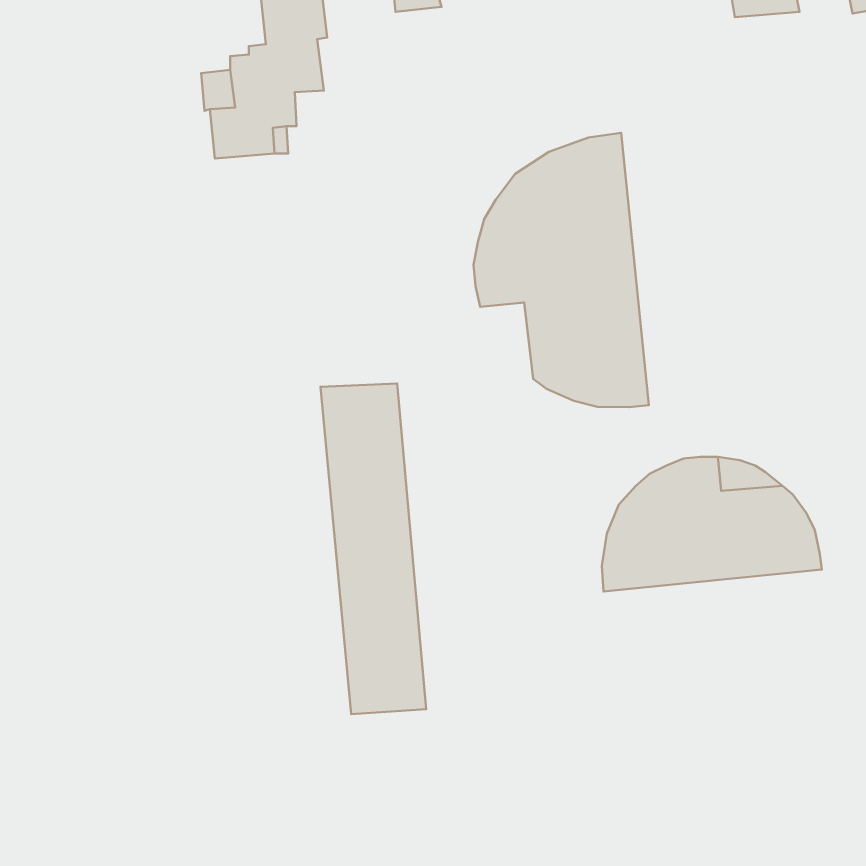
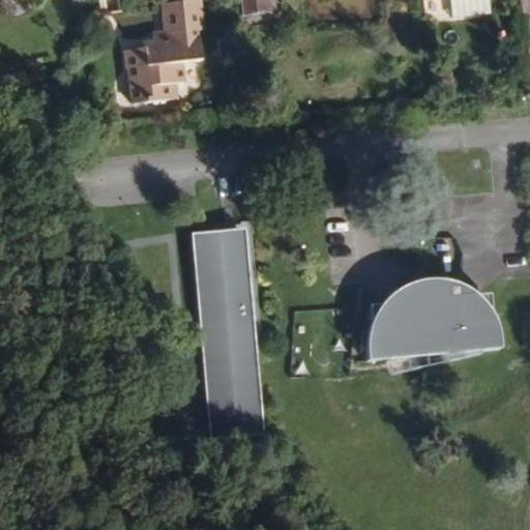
building: [473,133,649,407] -> none

